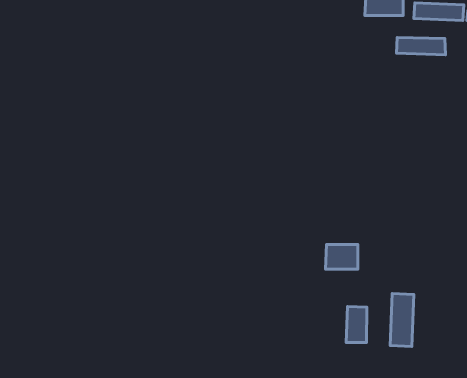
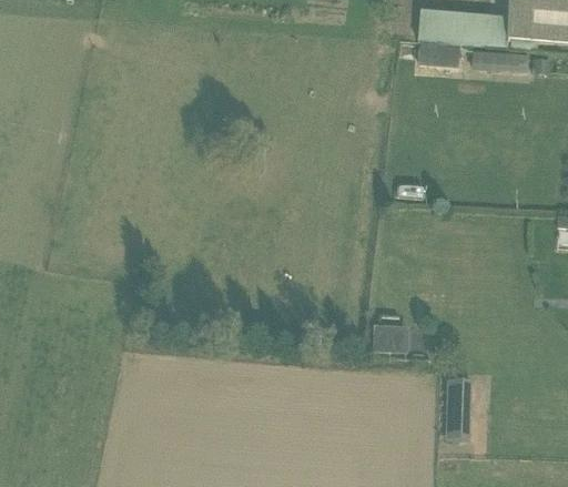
building: [396,38,446,55] -> none
building: [346,307,367,343] -> none

